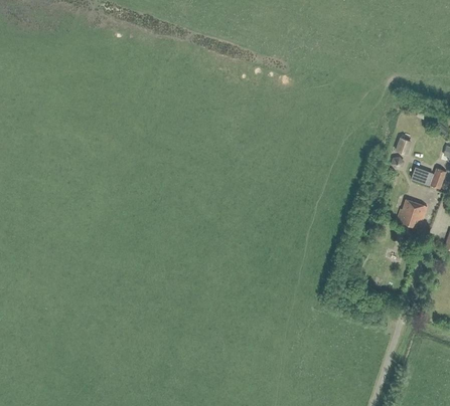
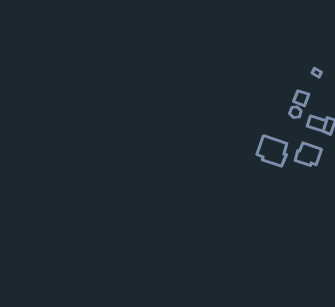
building: none -> [257,136,287,166]

